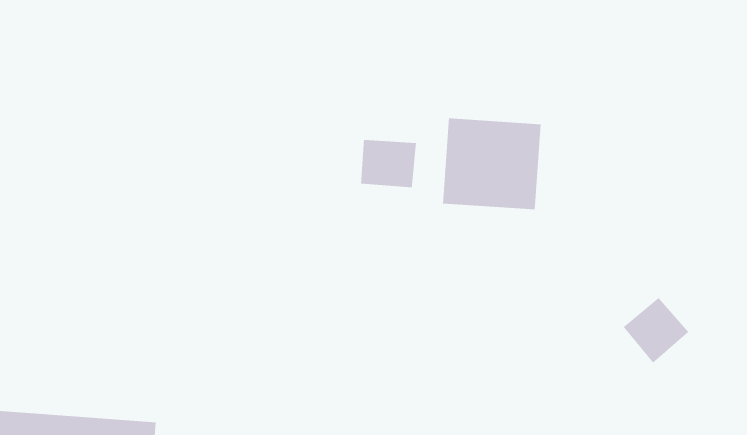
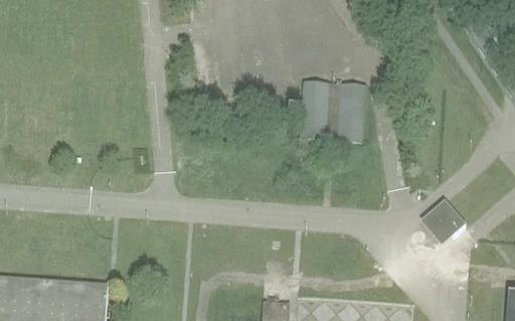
building: [361,139,417,188] -> none

